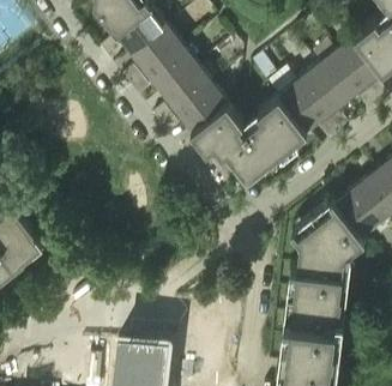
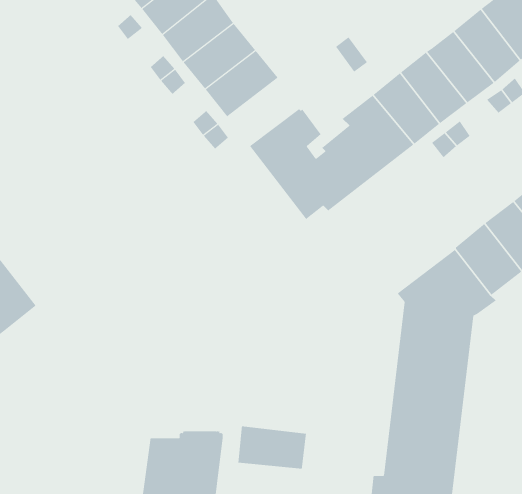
building: [176,86,229,134] -> none
building: none -> [238,425,307,470]

